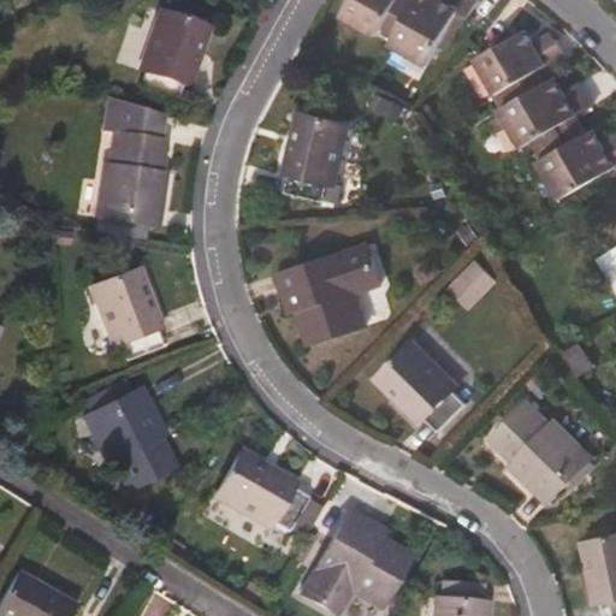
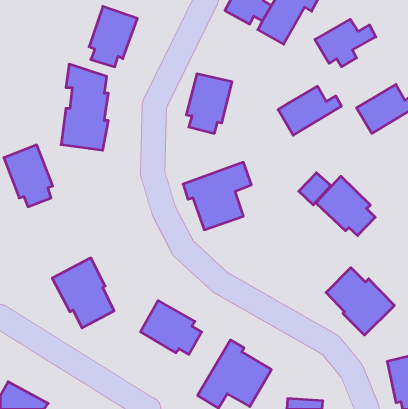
building: [499,75,594,148] -> [278,86,341,135]
building: [89,267,162,360] -> [4,145,53,207]
building: [378,340,467,430] -> [316,176,375,236]

